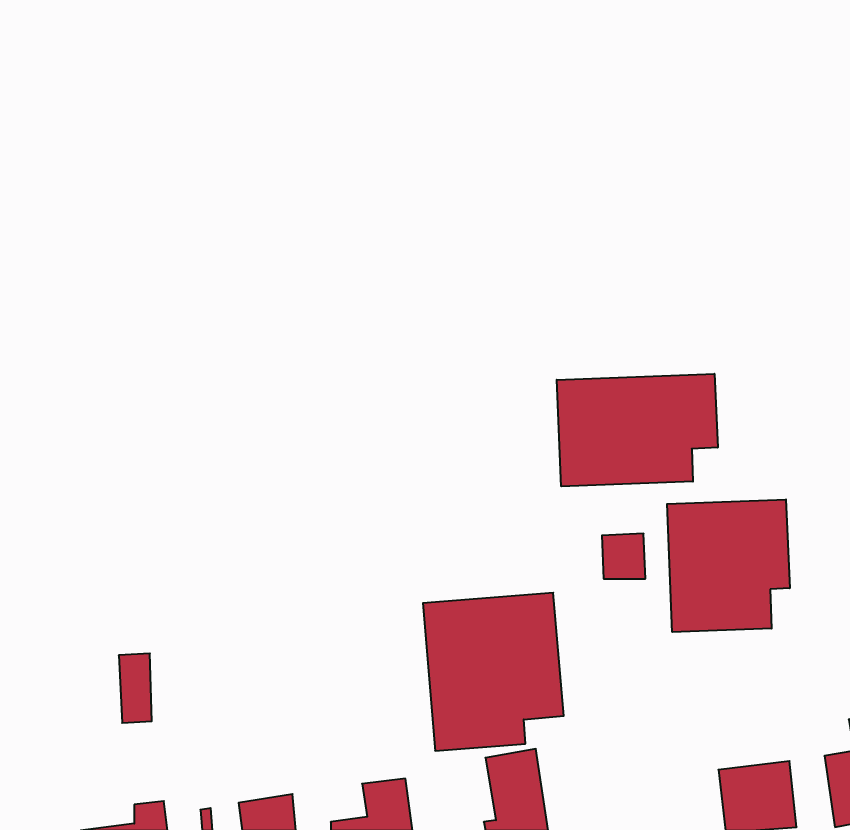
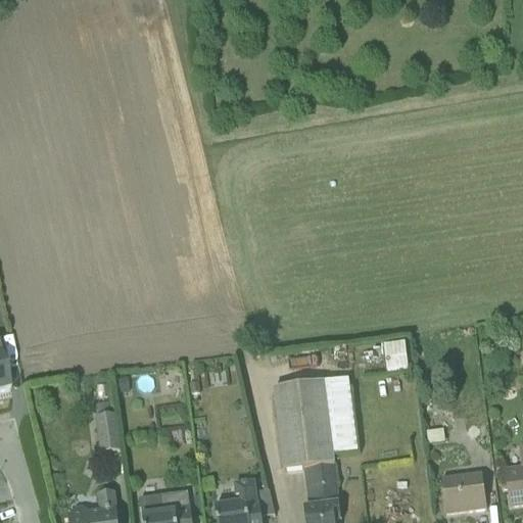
building: [557,374,718,486] -> none
building: [667,499,790,632] -> none

